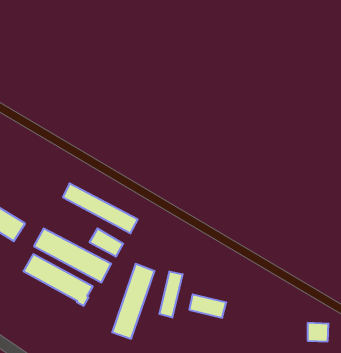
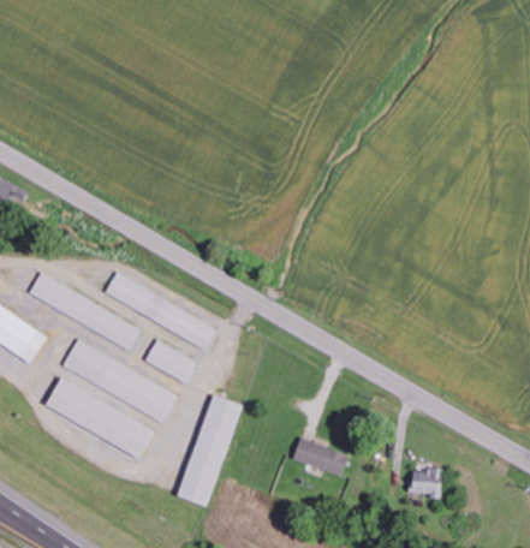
building: none -> [29,274,139,351]
building: [159,271,183,318] -> none
building: [308,323,329,341] -> [412,469,443,496]

